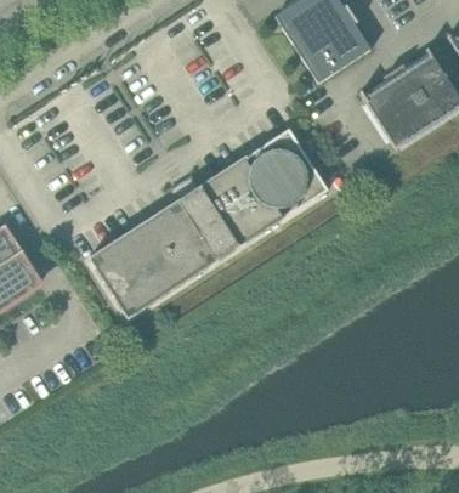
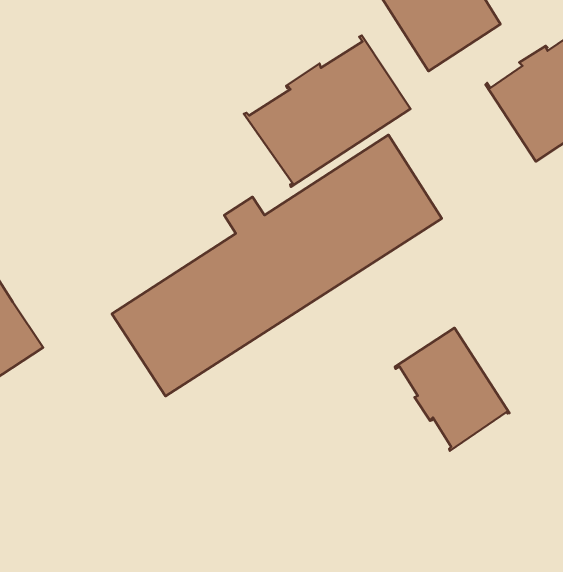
building: none -> [244,35,411,187]
building: none -> [395,328,509,451]

